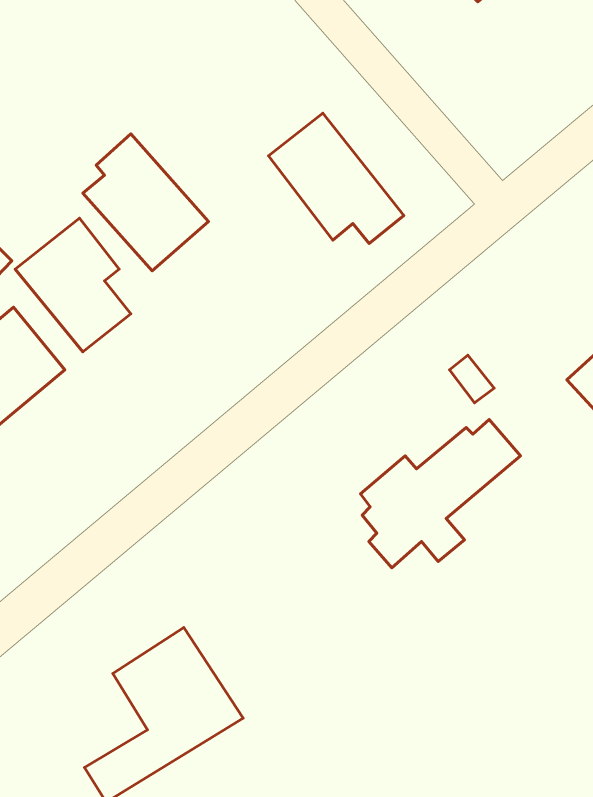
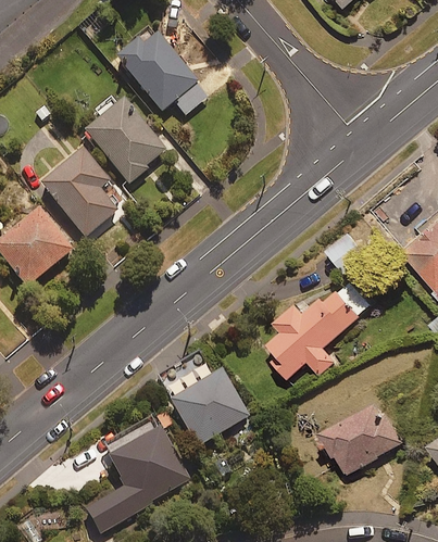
building: [268,113,404,243] -> [118,28,208,114]
building: none -> [158,353,249,445]
building: none -> [322,402,403,475]

